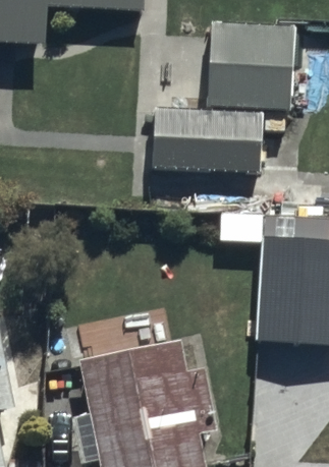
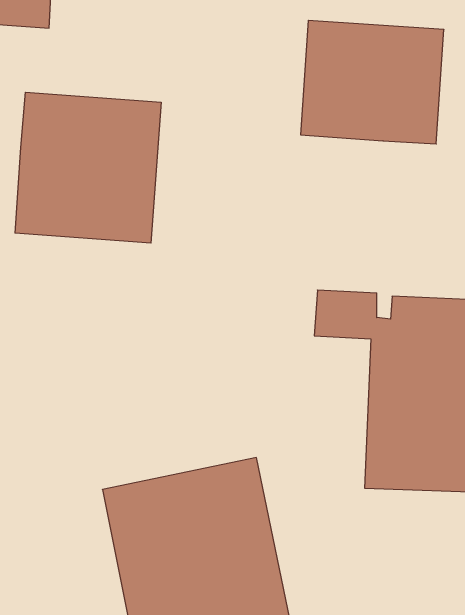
building: none -> [15,92,161,243]
building: [152,108,266,181] -> none

